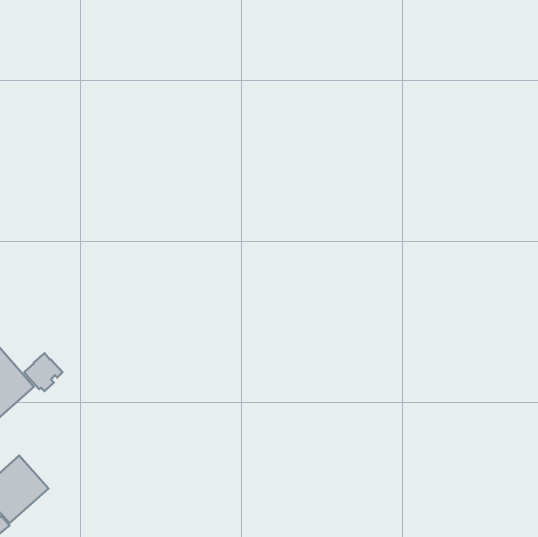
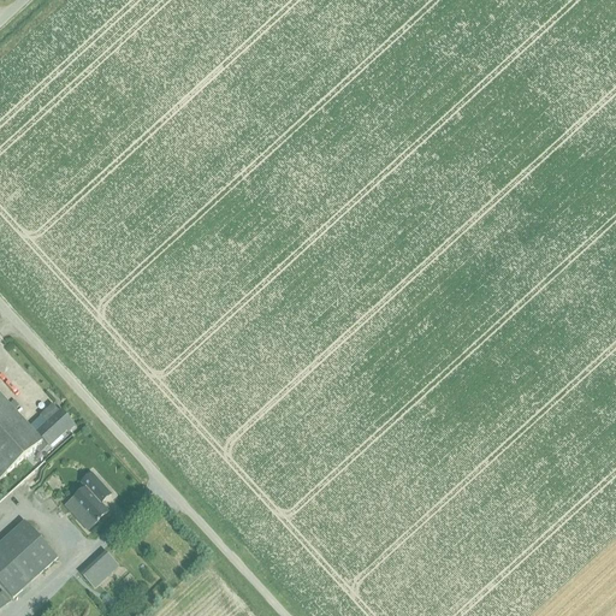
building: none -> [70,472,108,528]
building: none -> [79,549,119,586]

